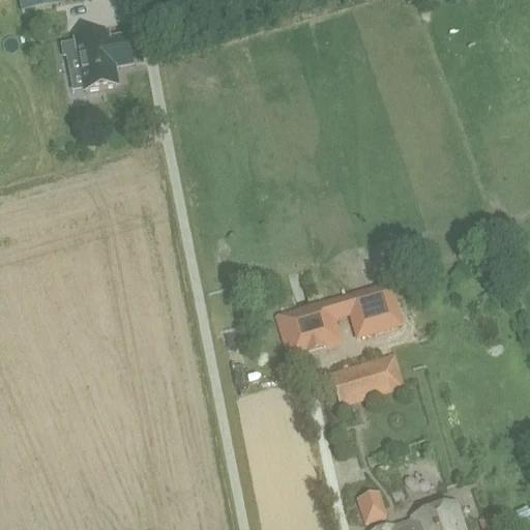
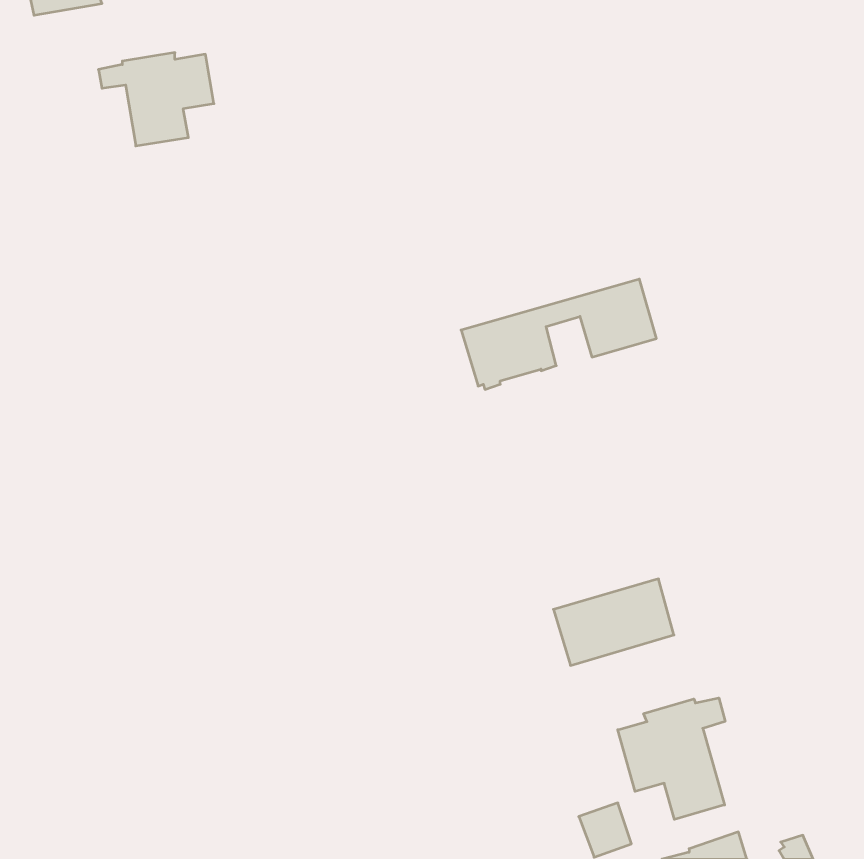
building: [277,286,396,353] -> [461,279,656,389]
building: none -> [618,698,725,819]

